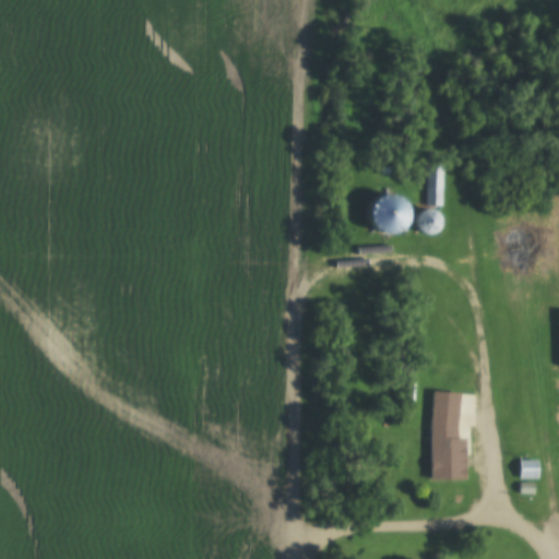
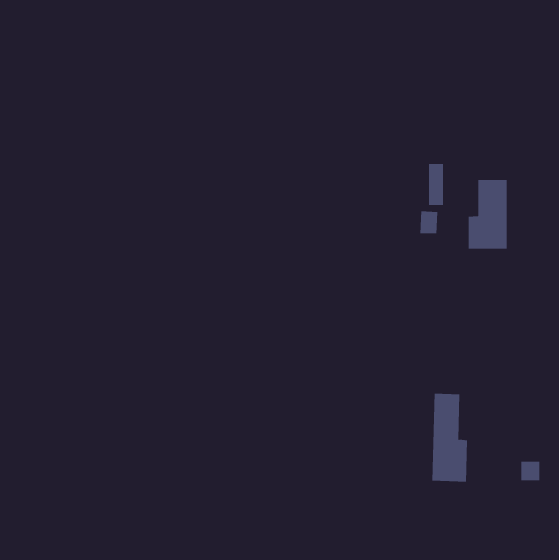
building: none -> [468,179,507,250]
building: [374,194,407,234] -> none

